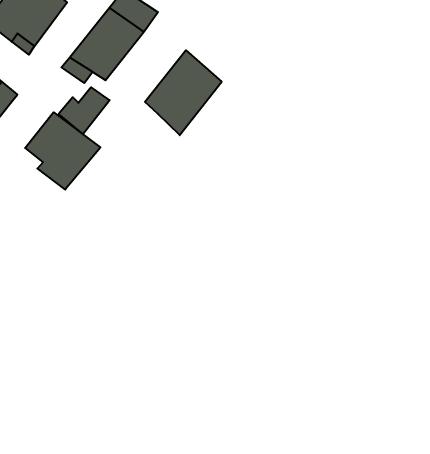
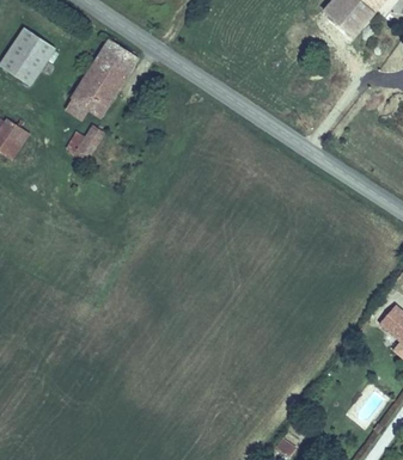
building: [145,50,222,135] -> none
building: [25,112,100,190] -> none

